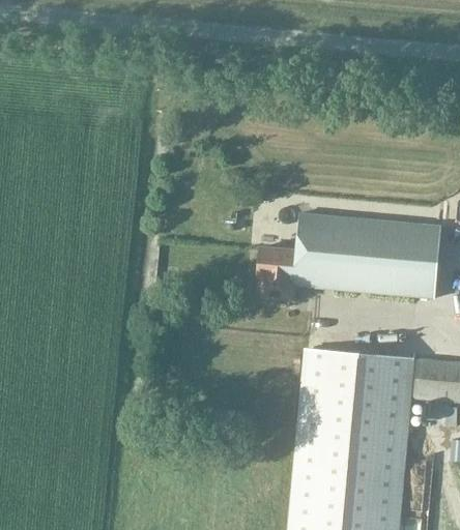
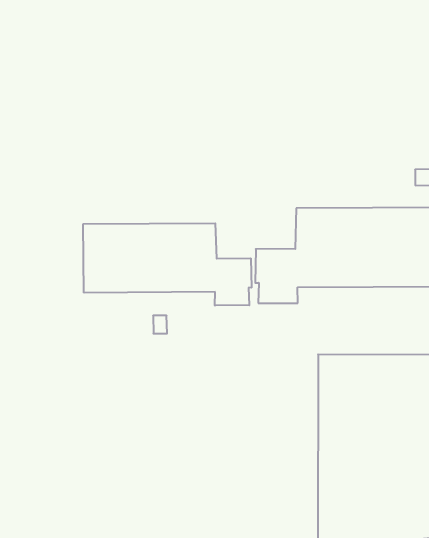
building: none -> [83,223,251,306]

